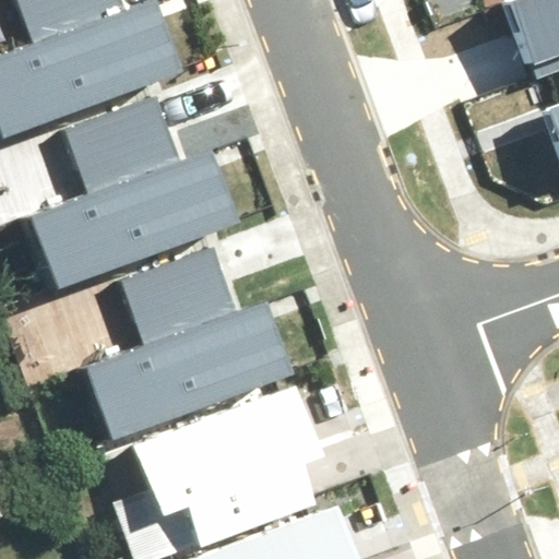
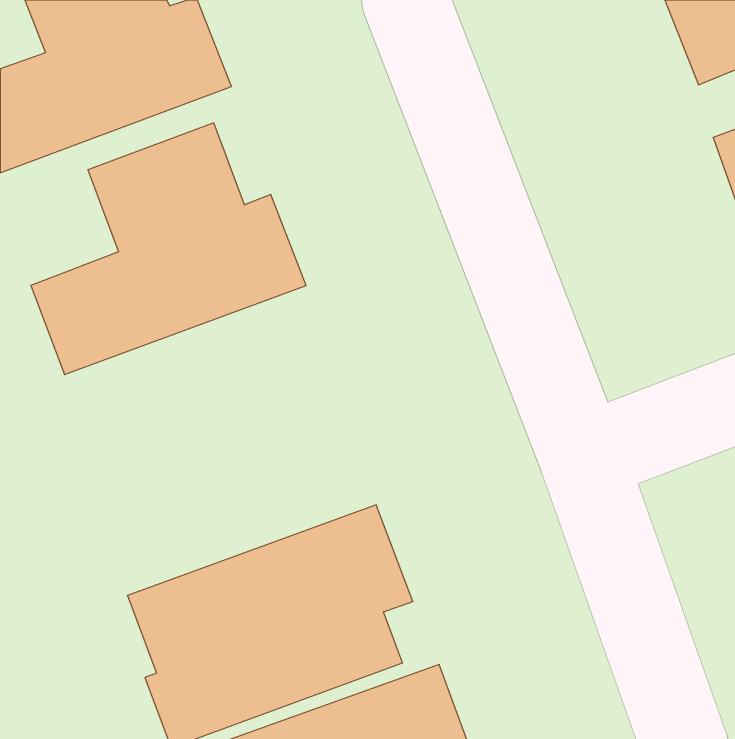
building: [79,247,284,435] -> none

